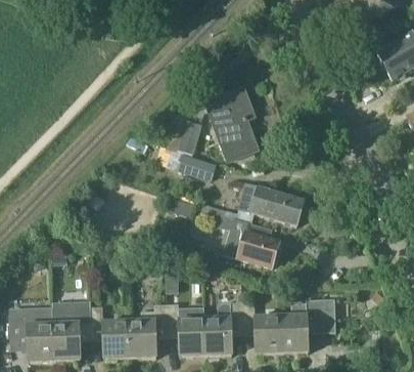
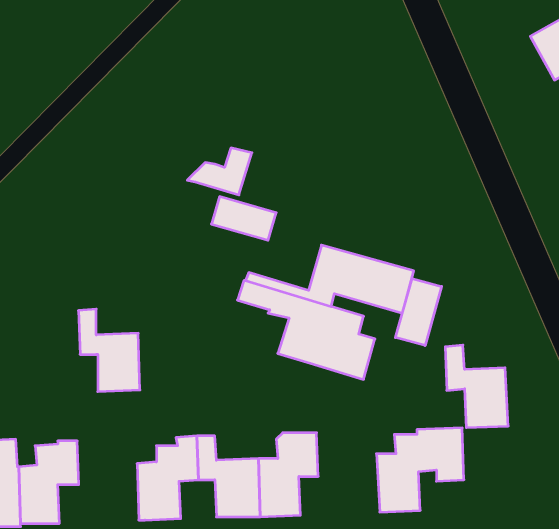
building: [205,88,260,161] -> none
building: none -> [395,278,442,346]
building: [242,301,282,354] -> [445,345,508,428]
building: [91,306,130,359] -> [78,309,140,392]

